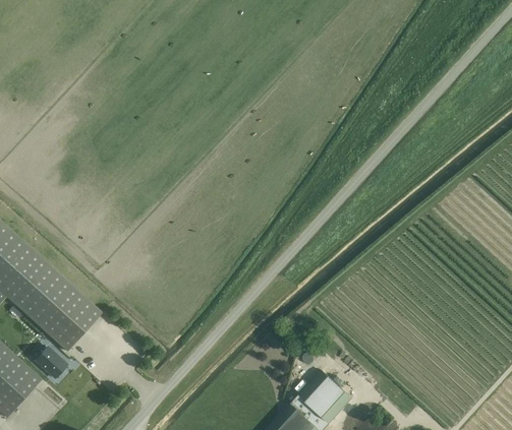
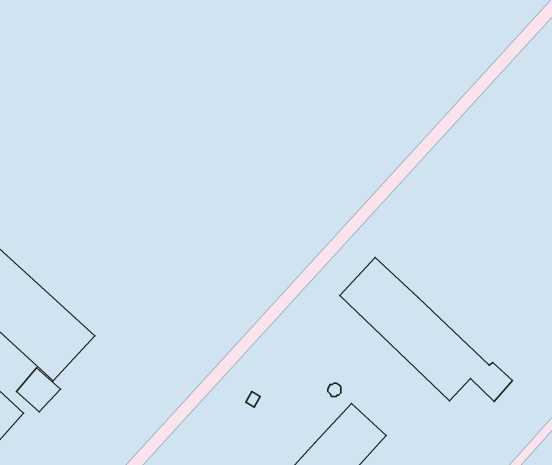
building: none -> [340,257,512,402]

